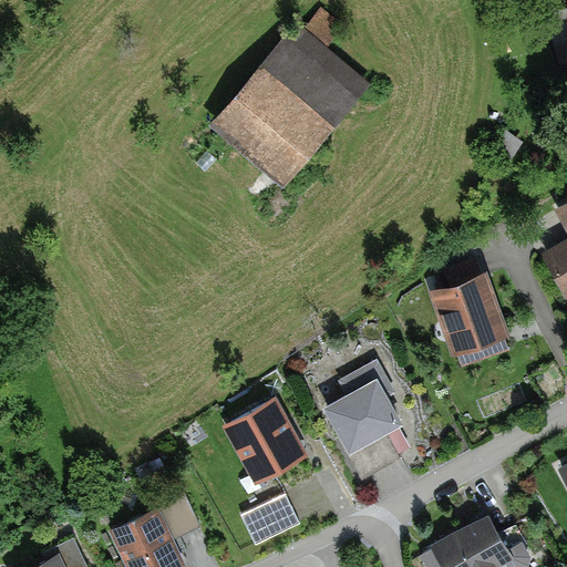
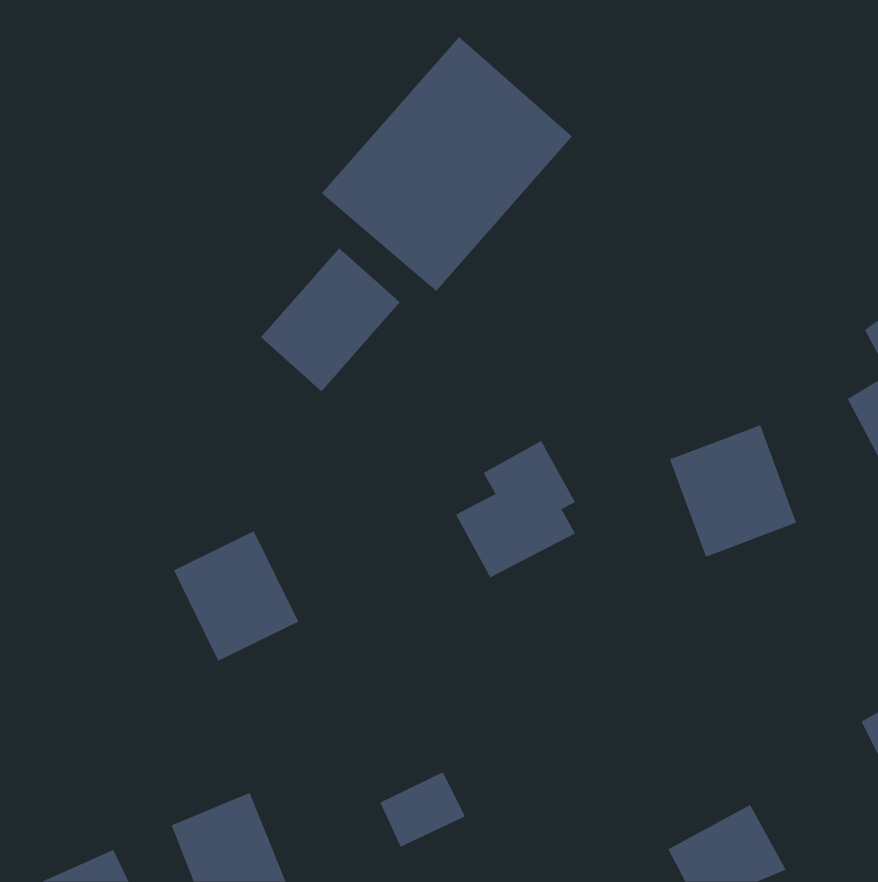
building: none -> [260,247,400,392]
building: [322,361,400,450] -> [455,440,576,578]
building: [221,399,302,483] -> [173,530,299,662]

